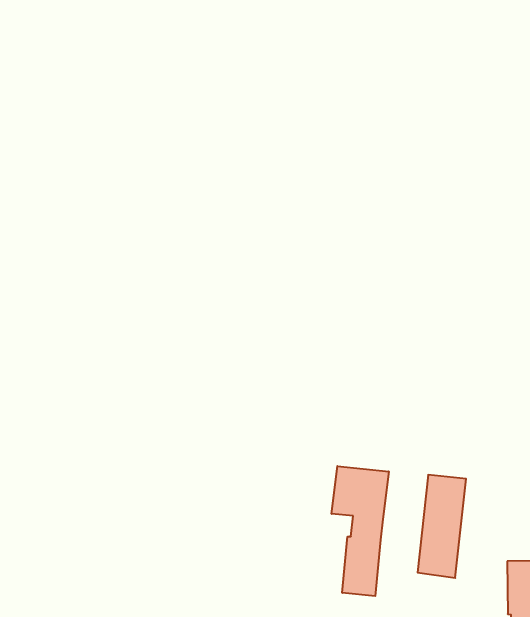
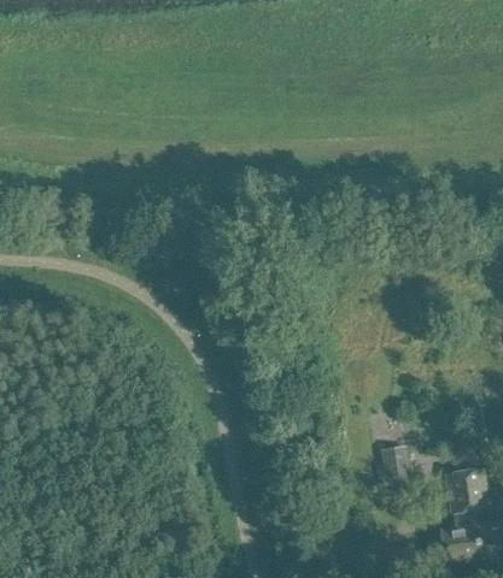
building: [332,466,389,596] -> none

